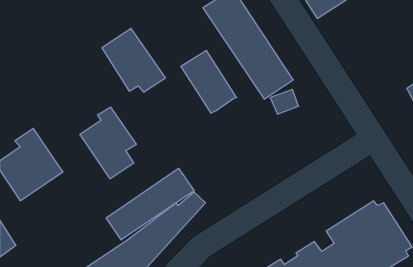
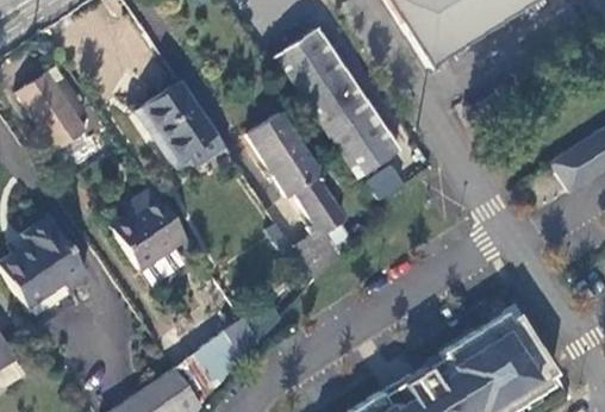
building: none -> [15,70,87,149]
building: none -> [294,175,347,277]
building: [106,168,194,240] -> none

